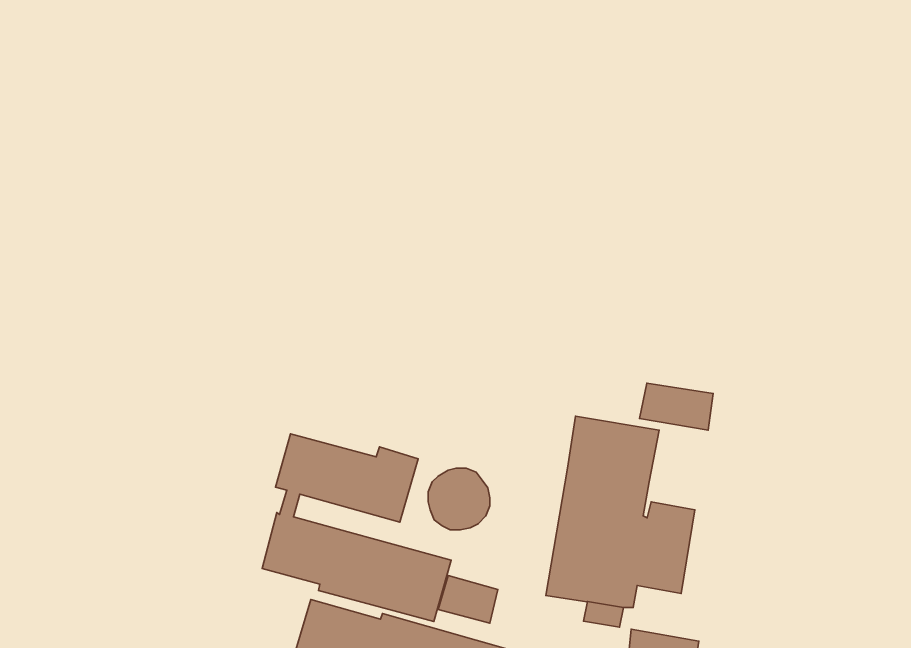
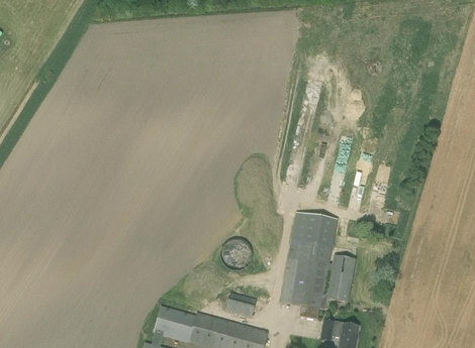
building: [640,383,713,430] -> none
building: [262,434,451,621] -> none

